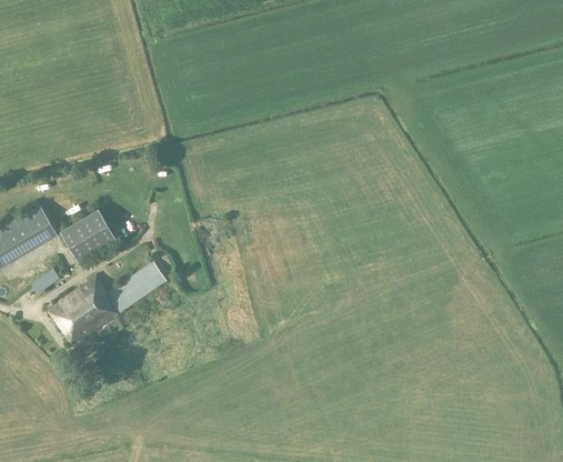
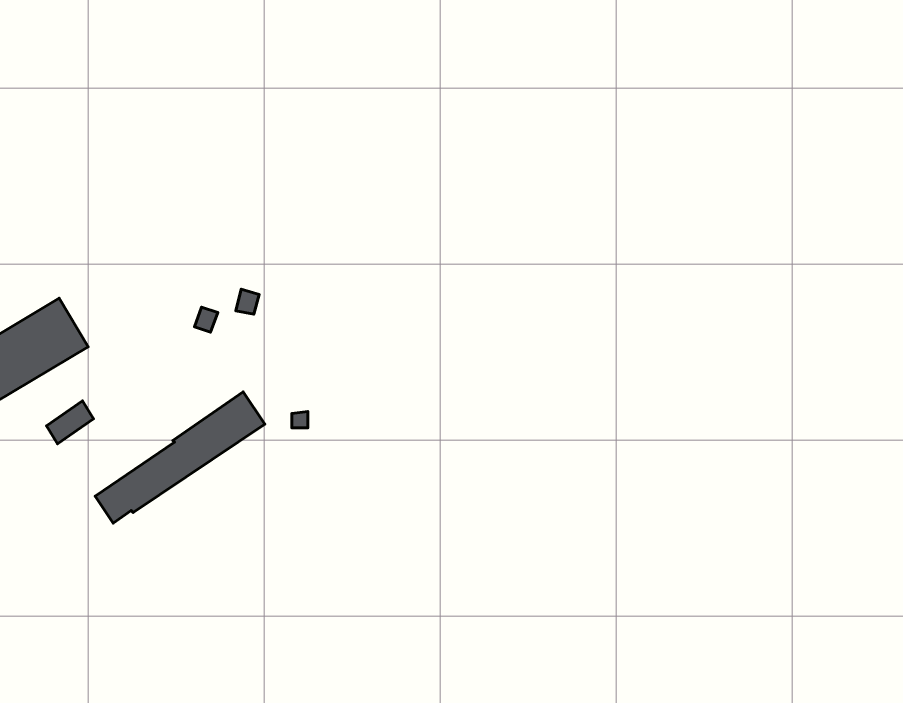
building: [61,209,118,262] -> none
building: [50,273,111,325] -> none

